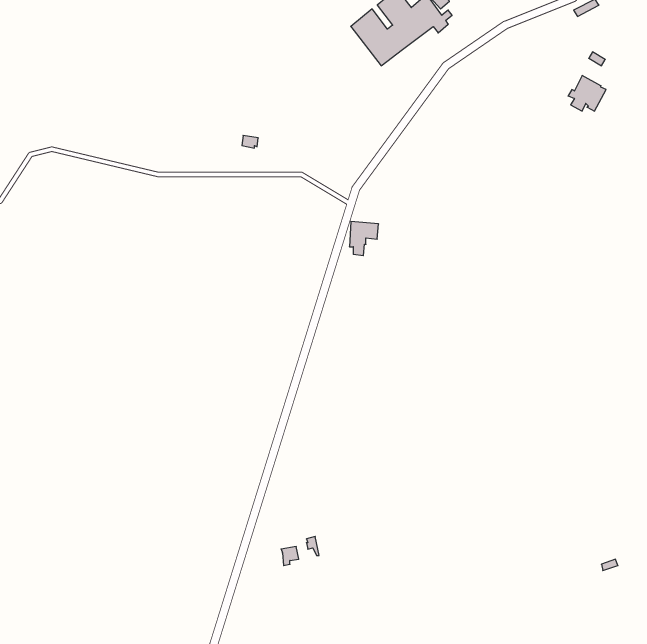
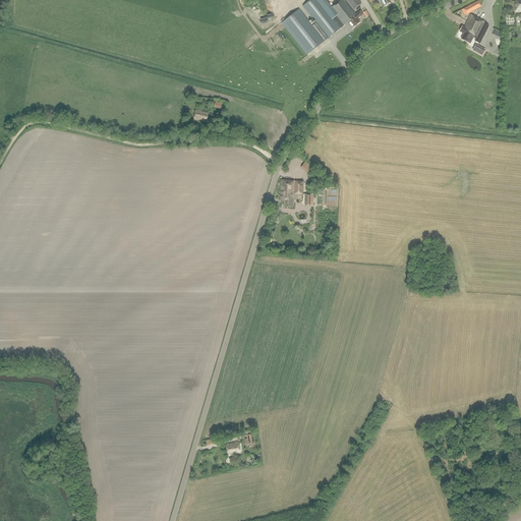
building: [568,76,606,111] -> [459,13,489,42]

